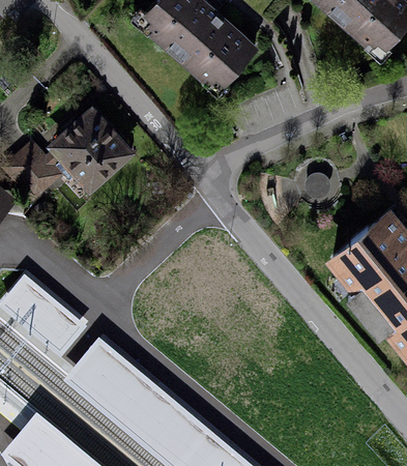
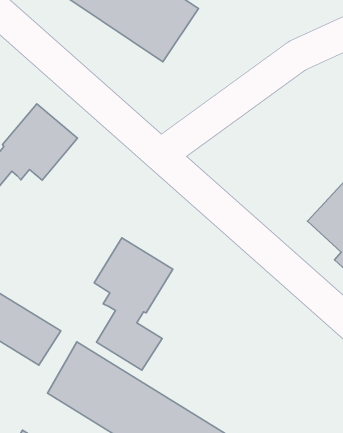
building: none -> [94,238,173,370]

